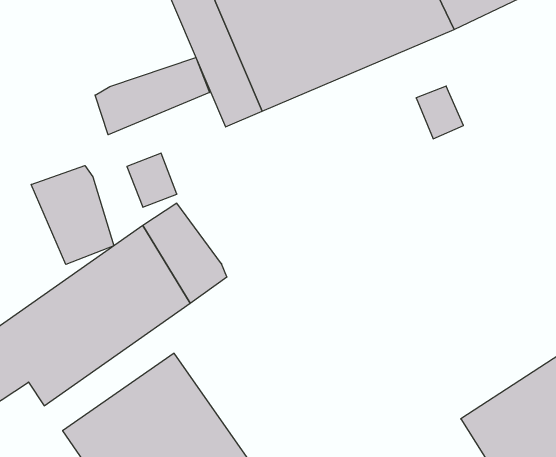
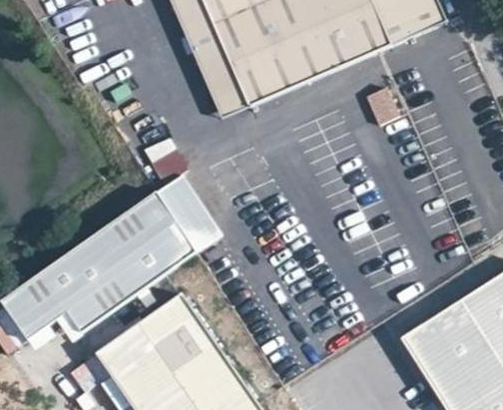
building: [95,57,209,135] -> none
building: [31,166,114,264] -> none

